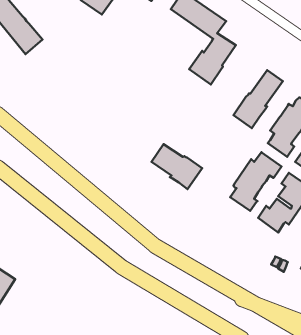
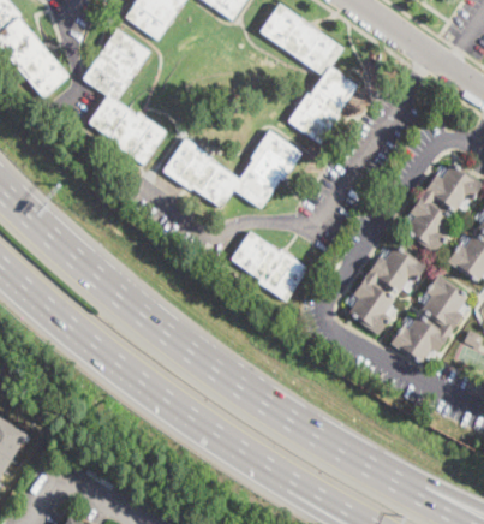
building: none -> [83,29,165,165]
building: [233,70,283,128] -> none
building: none -> [162,130,301,207]

